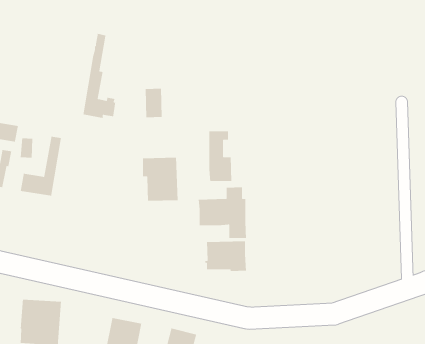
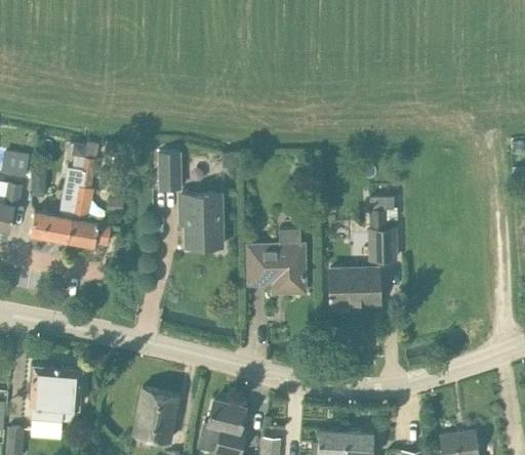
building: [82,33,116,119] -> [69,142,110,247]
building: [145,88,163,118] -> [158,153,179,190]
building: [209,130,232,182] -> [368,197,397,259]
building: [204,241,247,272] -> [328,268,379,306]

